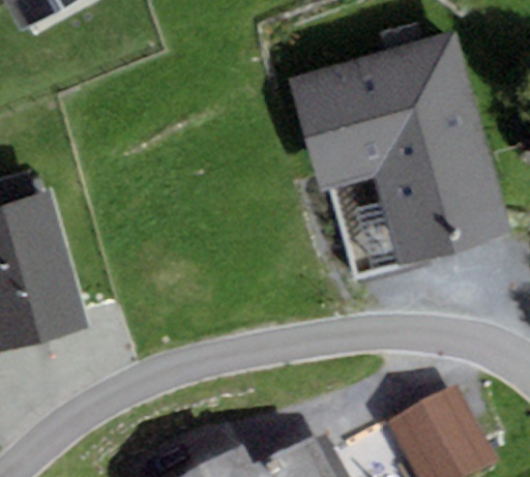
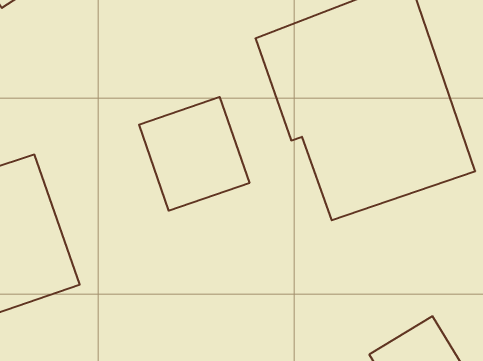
building: none -> [139,97,249,211]

